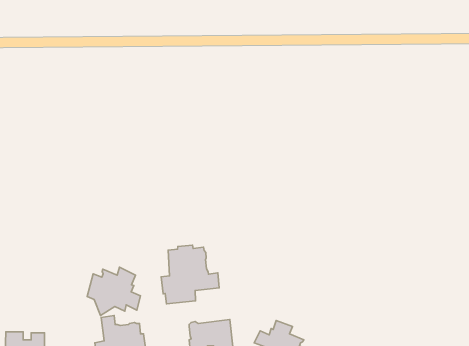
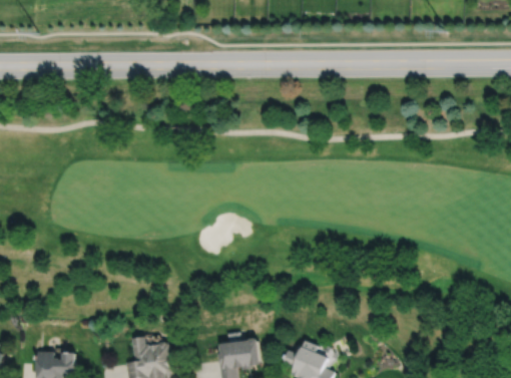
building: [161,245,219,304] -> none
building: [87,267,140,315] -> none

